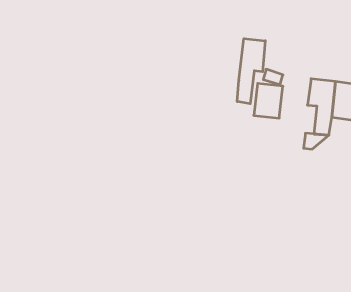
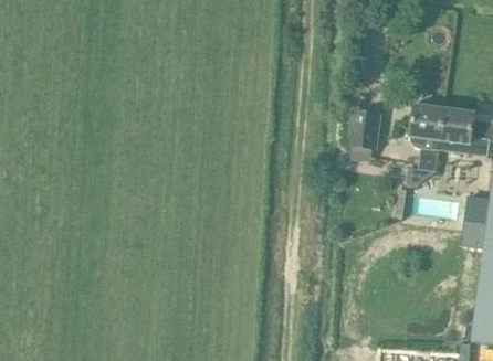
building: [237,39,265,104] -> none

